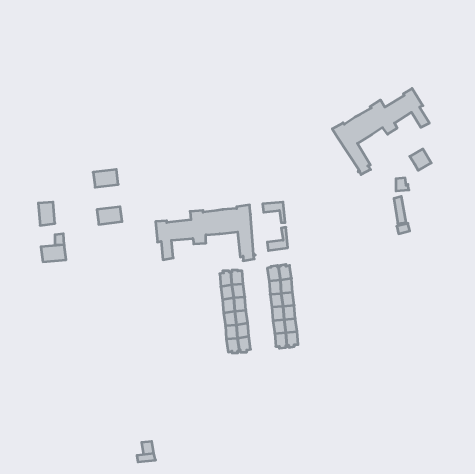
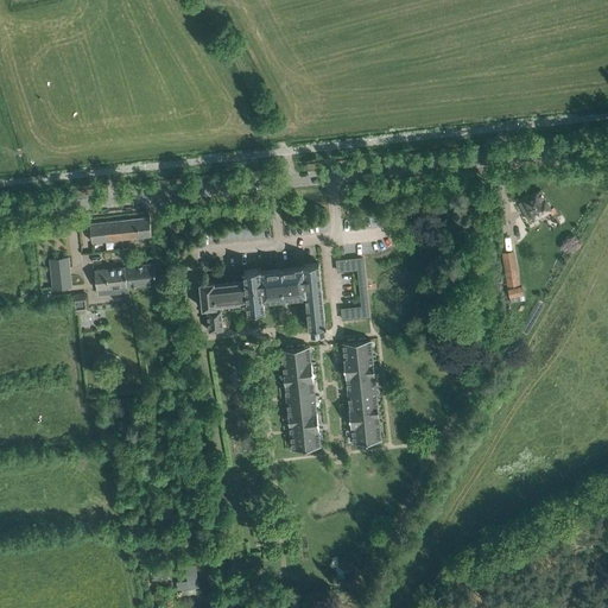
building: [332,88,429,175] -> none
building: none -> [89,222,121,245]
building: [41,245,66,262] -> [94,270,126,291]

